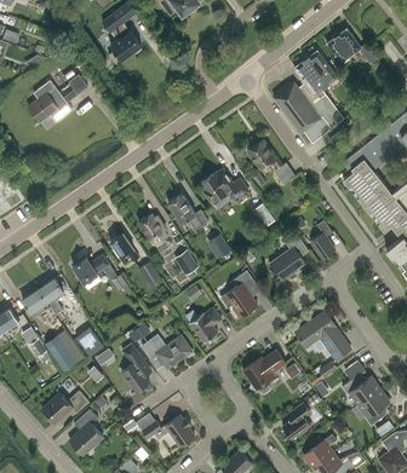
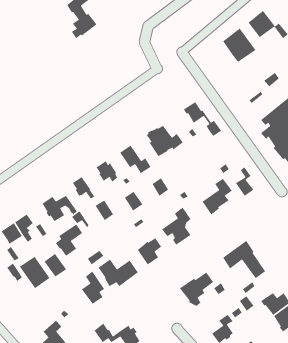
building: [28,74,88,122] -> none
building: [274,82,344,143] -> none
building: none -> [55,224,83,257]
building: [42,391,90,422] -> none

